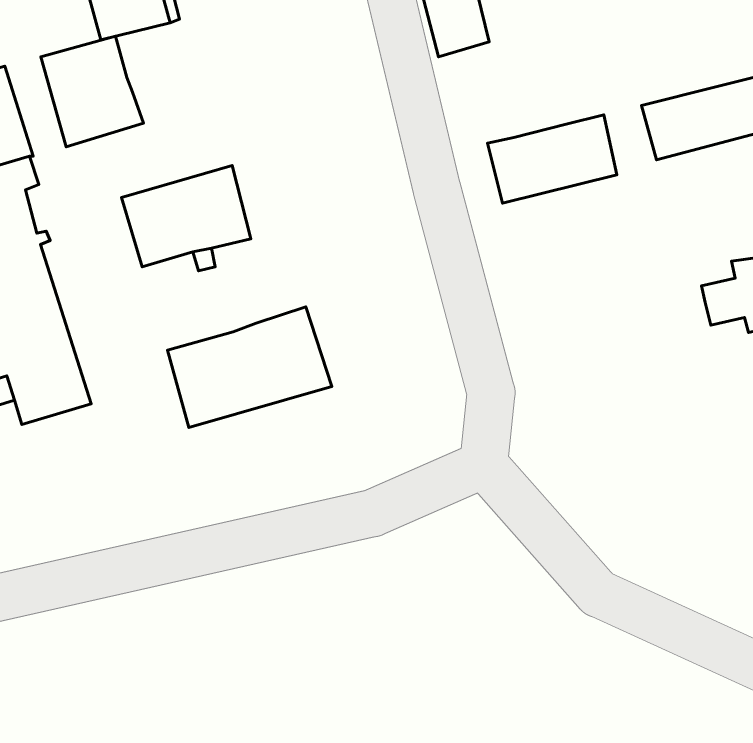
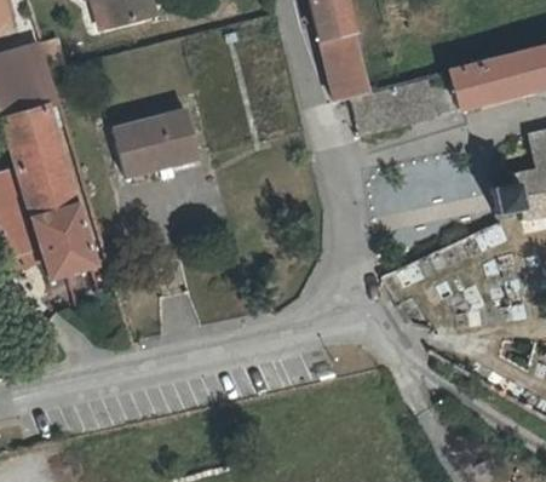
building: [41,36,143,147] -> none
building: none -> [320,29,368,98]
building: [167,307,332,428] -> none

